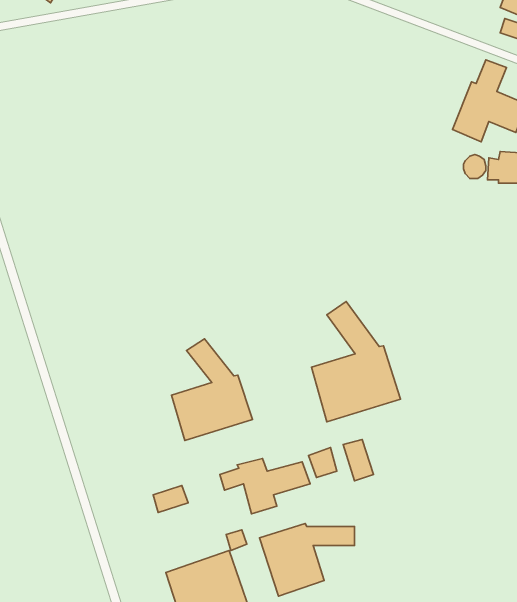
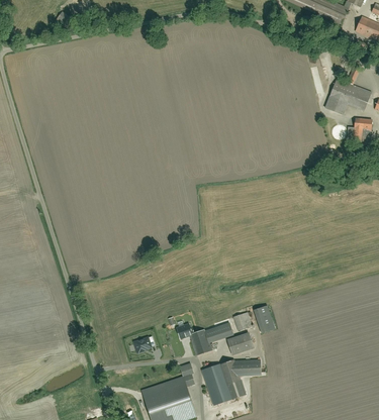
building: [311,302,401,422] -> none
building: [172,339,252,441] -> none
building: none -> [228,332,255,354]

